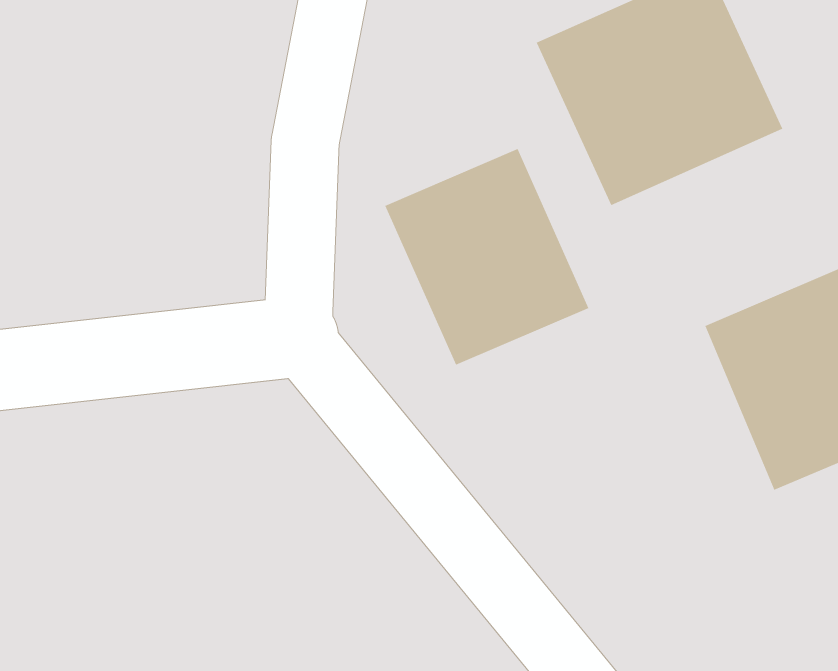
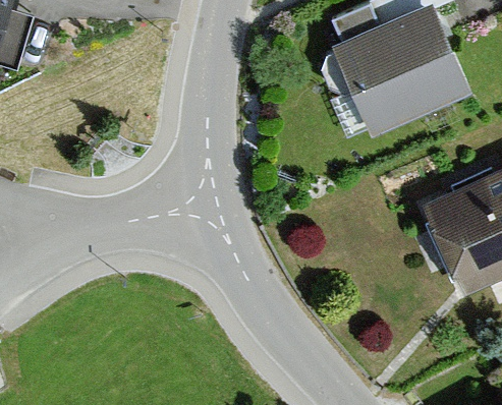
building: [385,148,589,366] -> none

